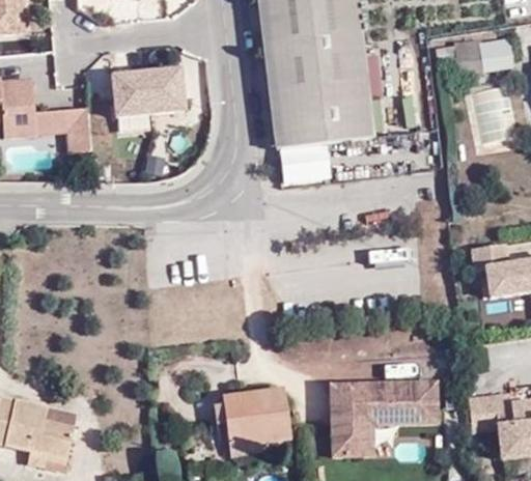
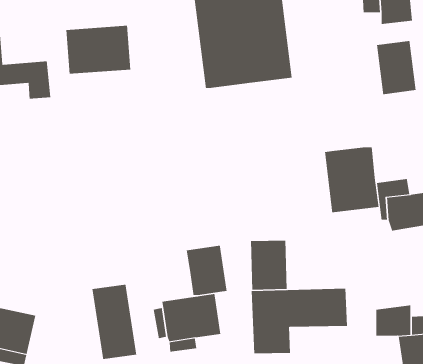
building: [278,137,330,179] -> none
building: none -> [324,146,379,213]
building: none -> [250,240,287,290]
building: none -> [186,245,227,296]
building: none -> [92,284,137,360]

